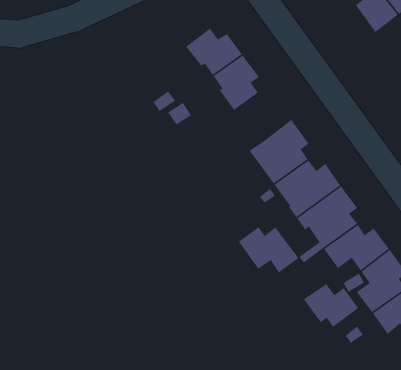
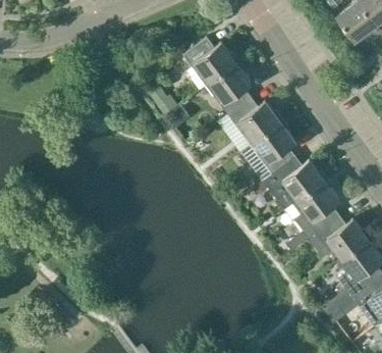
building: none -> [227,96,279,140]
building: [238,226,299,273] -> none
building: [303,283,359,328] -> none

